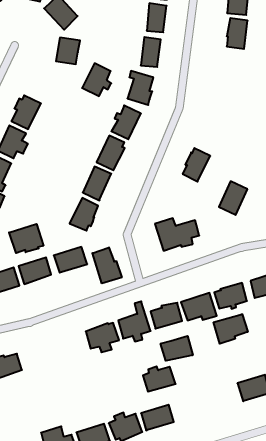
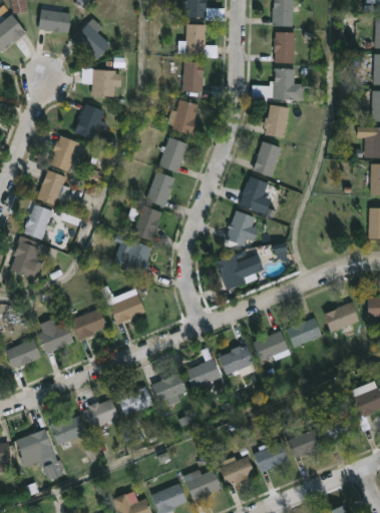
building: none -> [274,67,304,100]
building: [82,63,111,96] -> [74,103,105,138]
building: none -> [264,103,290,137]
building: none -> [252,140,282,176]
building: [219,181,247,215] -> [226,209,255,245]
building: [9,224,43,253] -> none
building: [92,247,122,283] -> none
building: [214,314,248,344] -> none
building: none -> [114,385,153,417]
building: [161,336,193,361] -> none
building: none -> [82,399,118,442]
building: [143,366,176,392] -> [253,442,289,471]
building: none -> [286,428,323,458]

